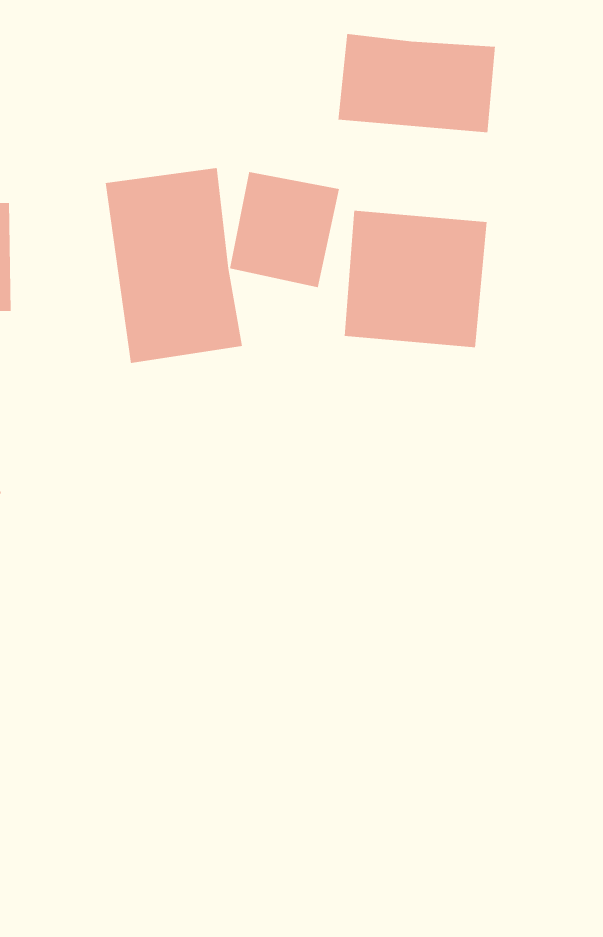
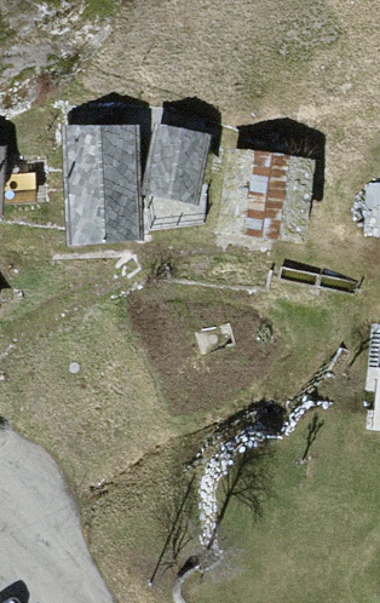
building: [338,33,495,133] -> none

